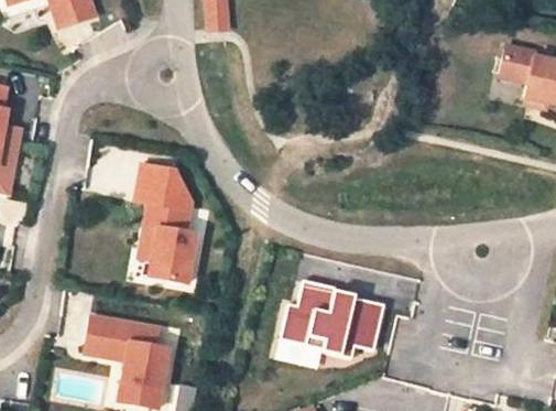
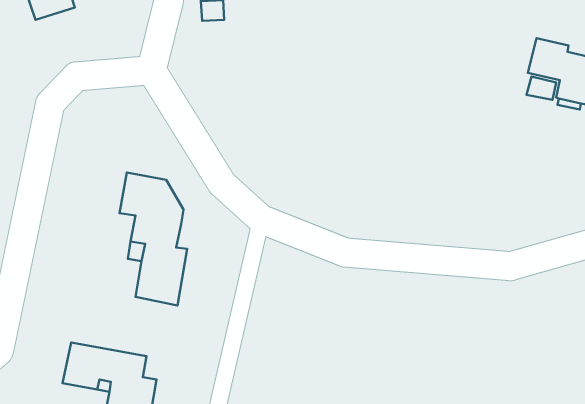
building: [280,288,384,360] -> none

